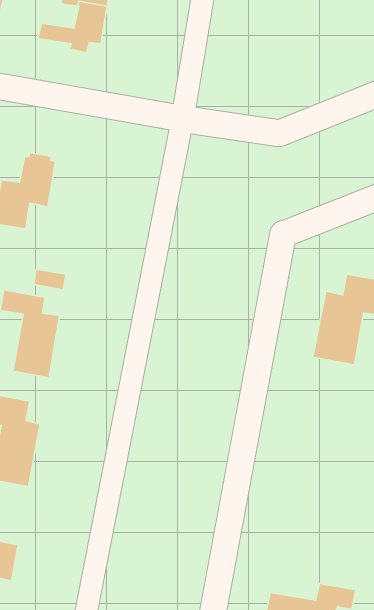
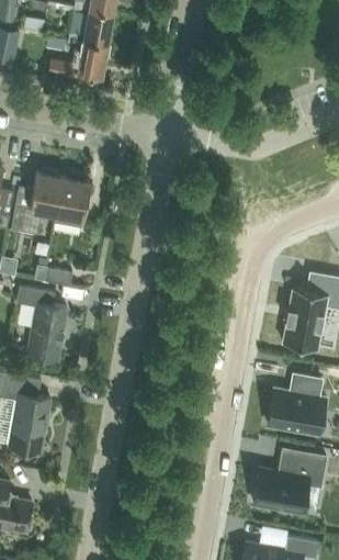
building: none -> [55,175,90,228]
building: none -> [268,374,326,435]
building: none -> [253,449,326,513]

